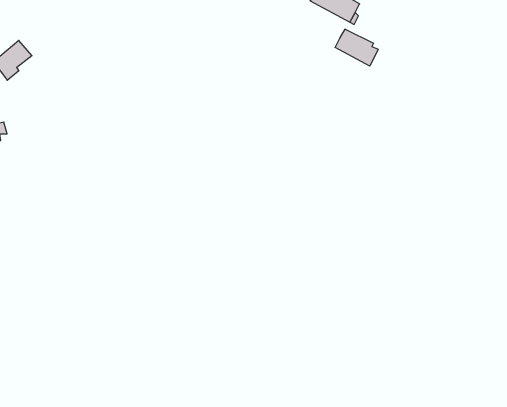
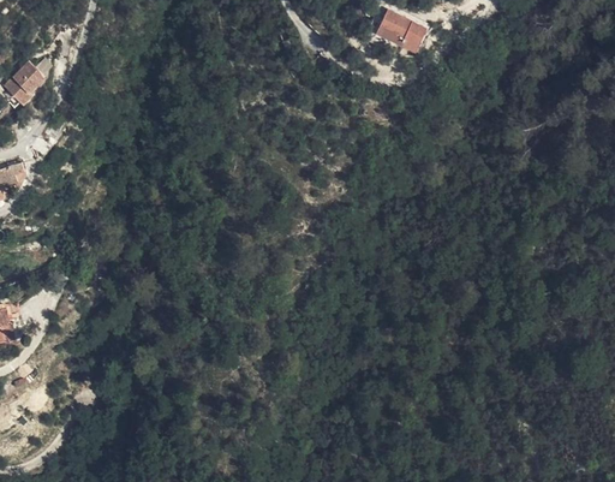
building: [335,29,378,66] -> none

